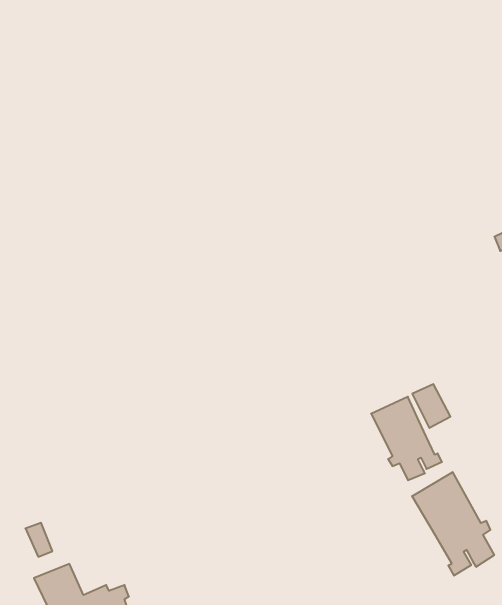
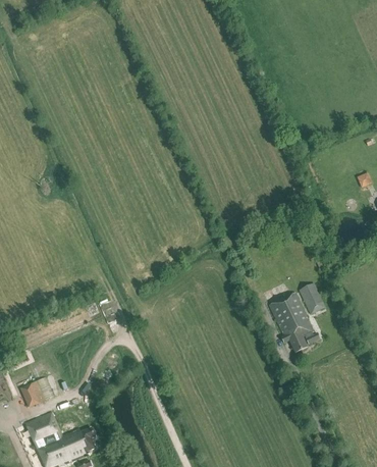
building: [412,472,494,576] -> none

